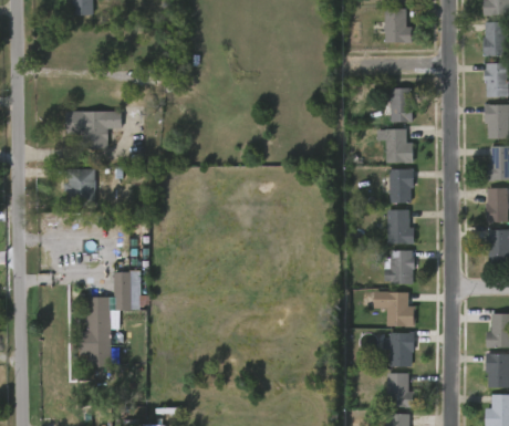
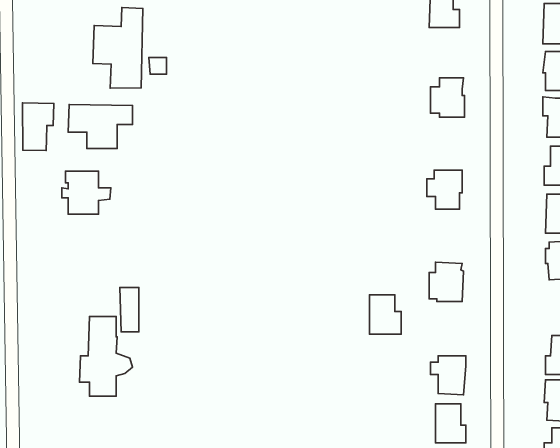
building: none -> [93,8,143,88]
building: none -> [23,103,54,151]
building: [384,128,413,163] -> none
building: [386,209,413,242] -> none
building: [388,291,416,325] -> [369,295,401,334]

